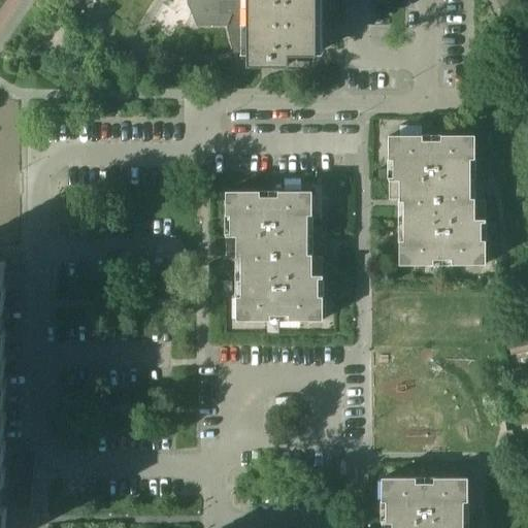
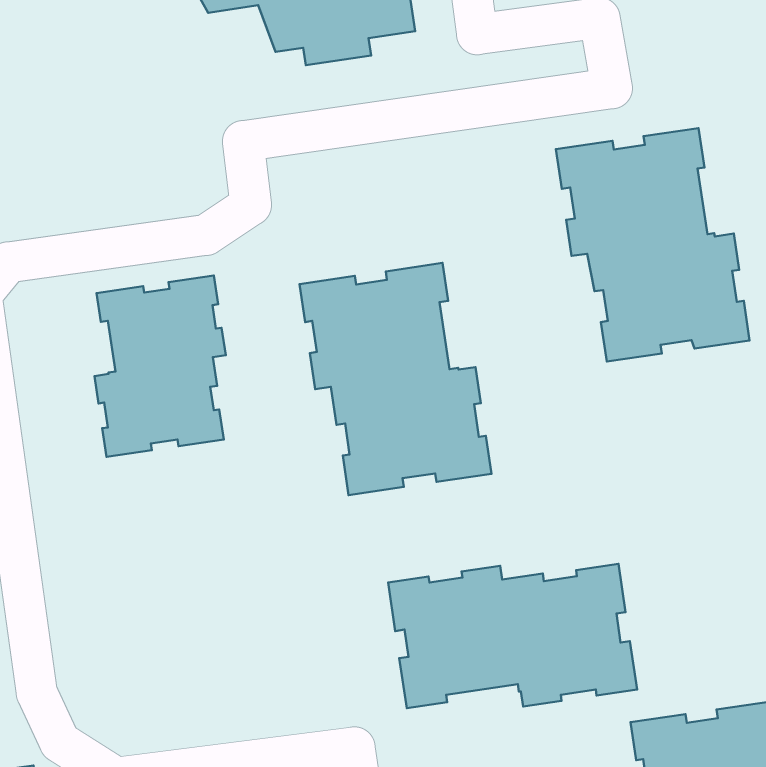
building: none -> [94,276,226,457]
building: none -> [388,564,637,708]

